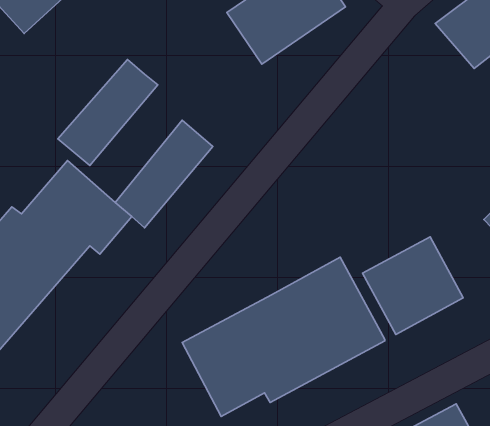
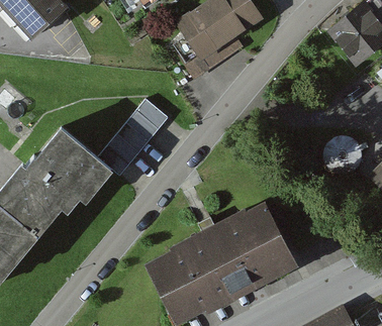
building: [58,60,158,165] -> none
building: [363,237,463,334] -> none

